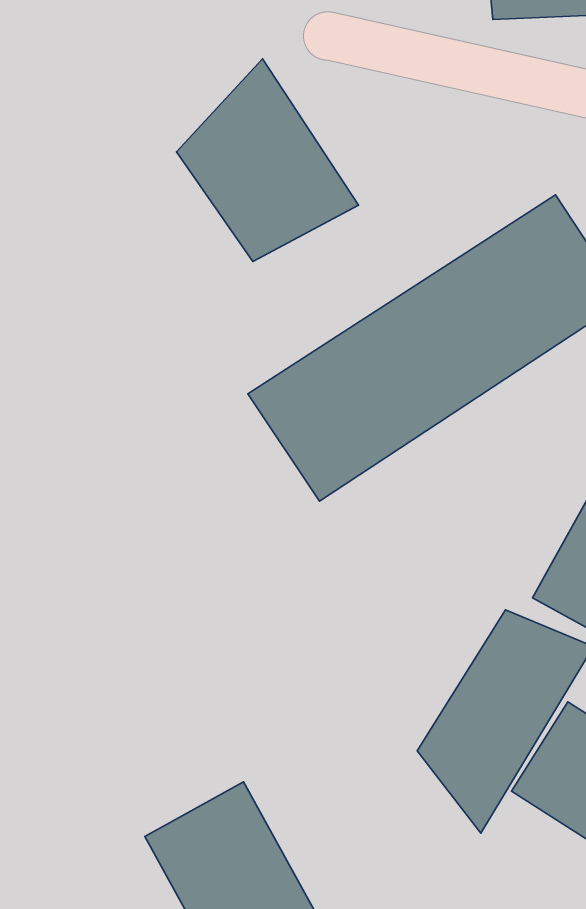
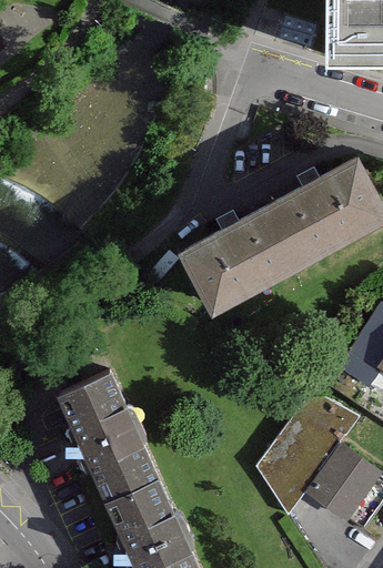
building: [176,59,359,261] -> none
building: none -> [51,369,157,500]

